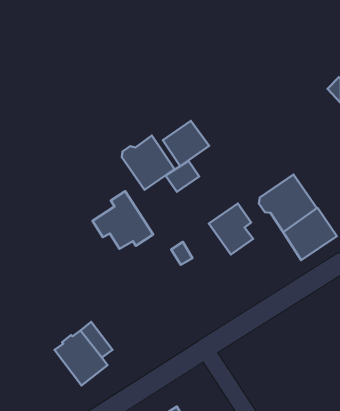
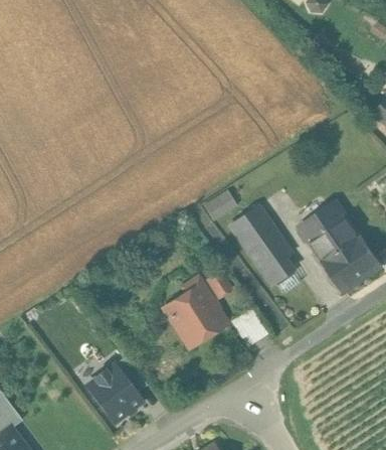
building: [163,121,209,166] -> [228,206,276,254]
building: [122,135,174,190] -> none
building: [92,191,153,249] -> [163,278,226,338]

